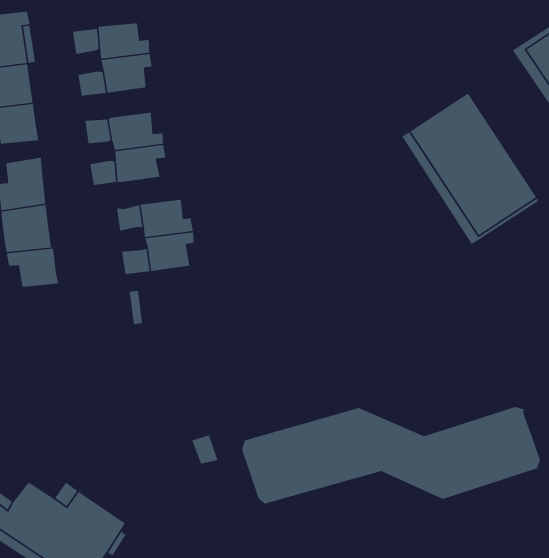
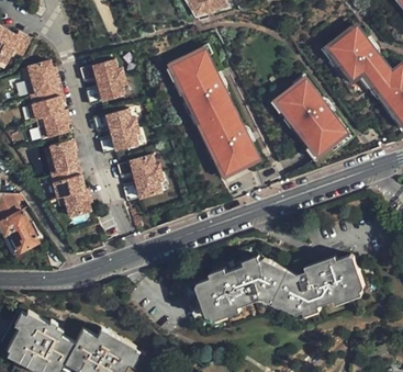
building: none -> [172,42,270,178]

